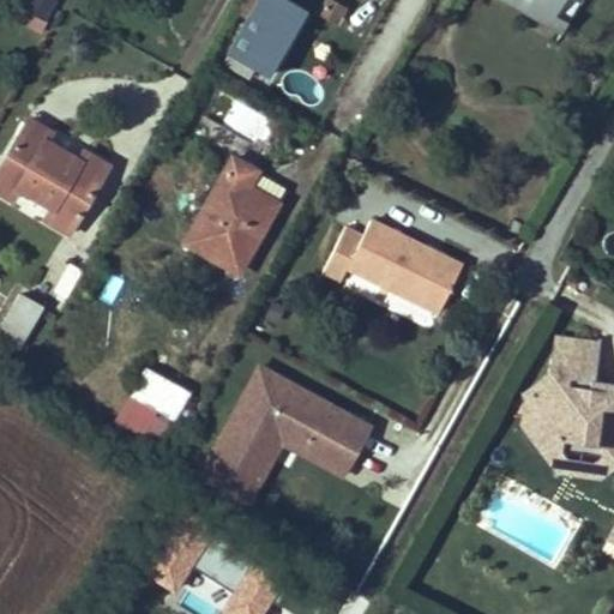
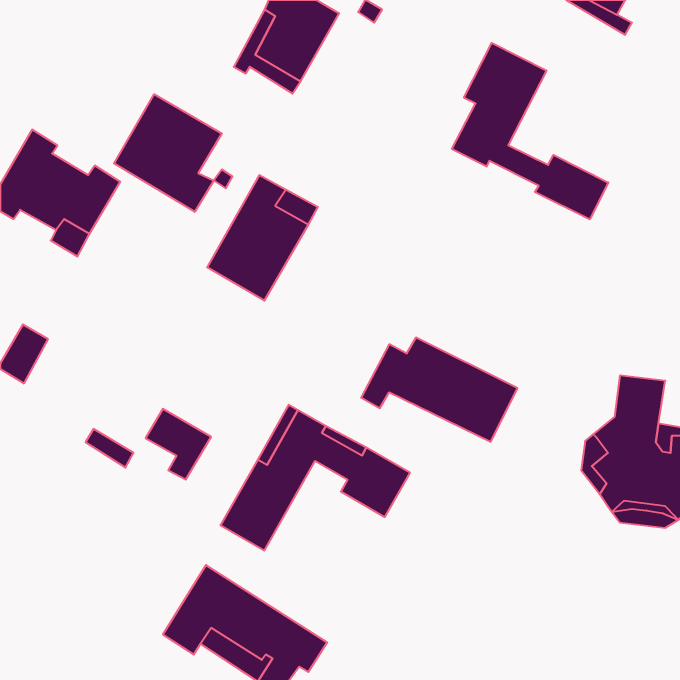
building: none -> [452,43,608,219]
building: none -> [114,94,222,212]
building: [324,221,464,314] -> [361,338,517,442]
building: [240,416,348,502] -> none

